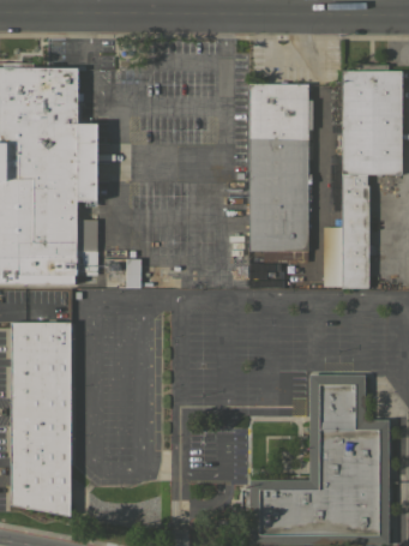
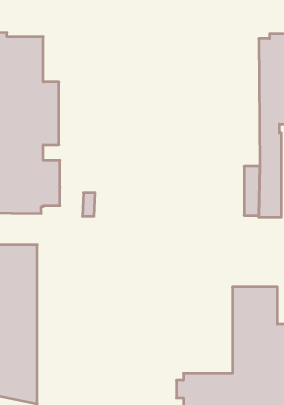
building: [249,84,313,263] -> none

